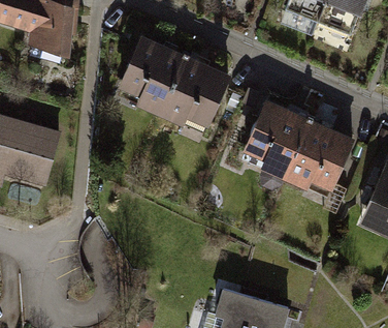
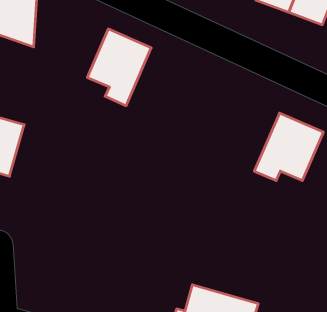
building: [159,56,227,122] -> none
building: [246,101,310,177] -> none

